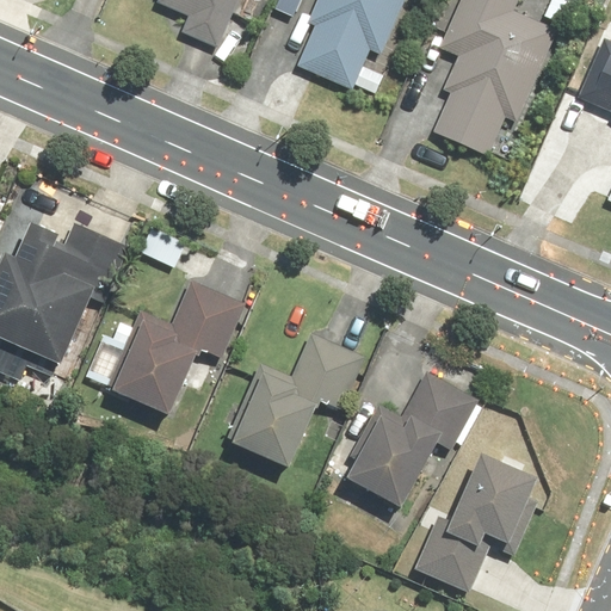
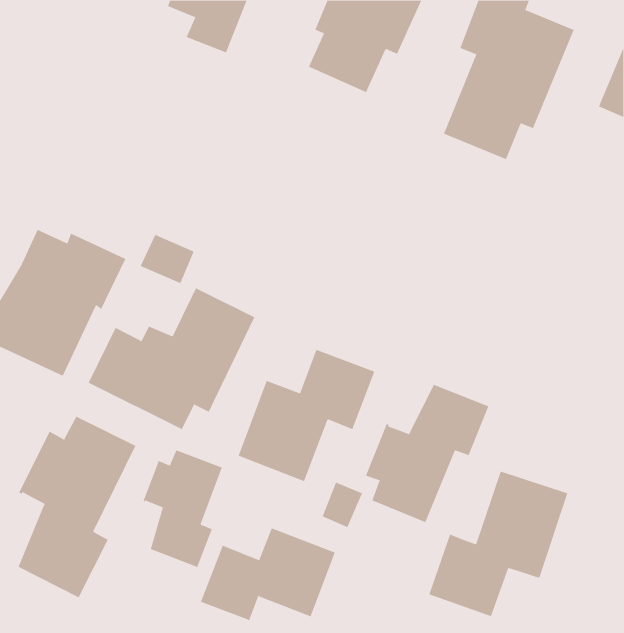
building: none -> [18,416,136,598]
building: none -> [143,450,223,568]
building: none -> [200,527,335,621]

